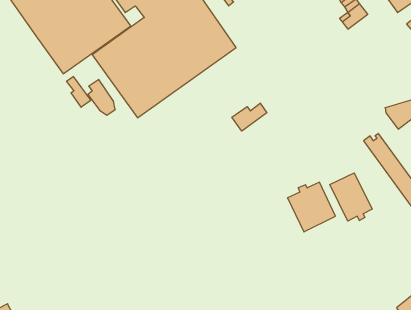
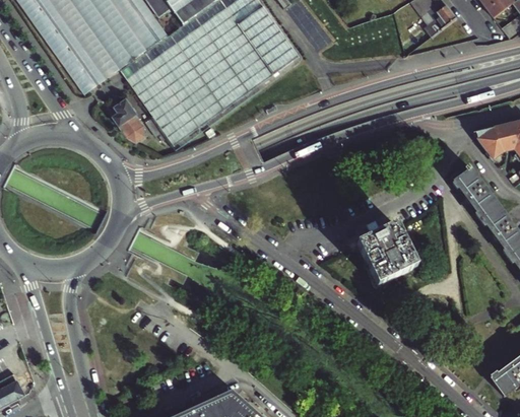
building: [67,76,91,107] -> none
building: [232,103,267,131] -> none
building: [330,173,372,221] -> none

